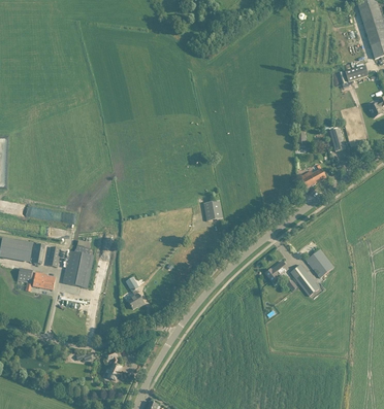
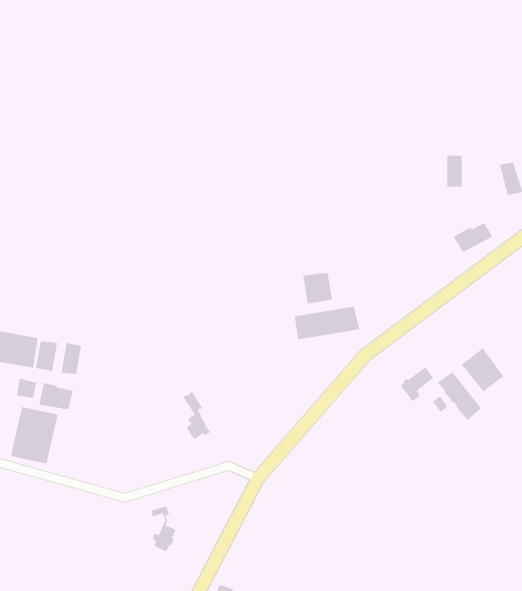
building: none -> [294,306,360,340]
building: [62,250,93,287] -> [10,406,58,464]

